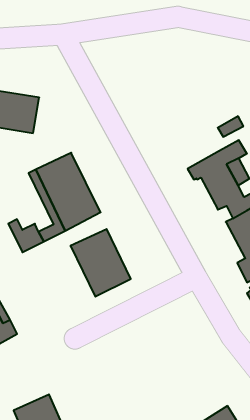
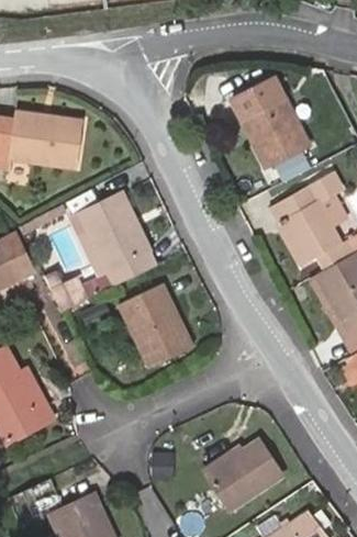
building: none -> [227,83,305,172]
building: none -> [219,434,294,503]

